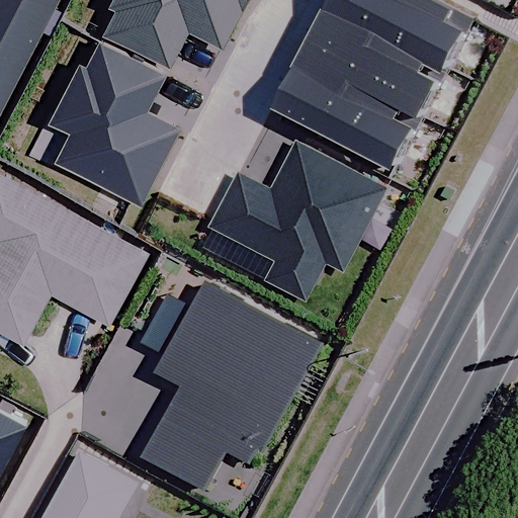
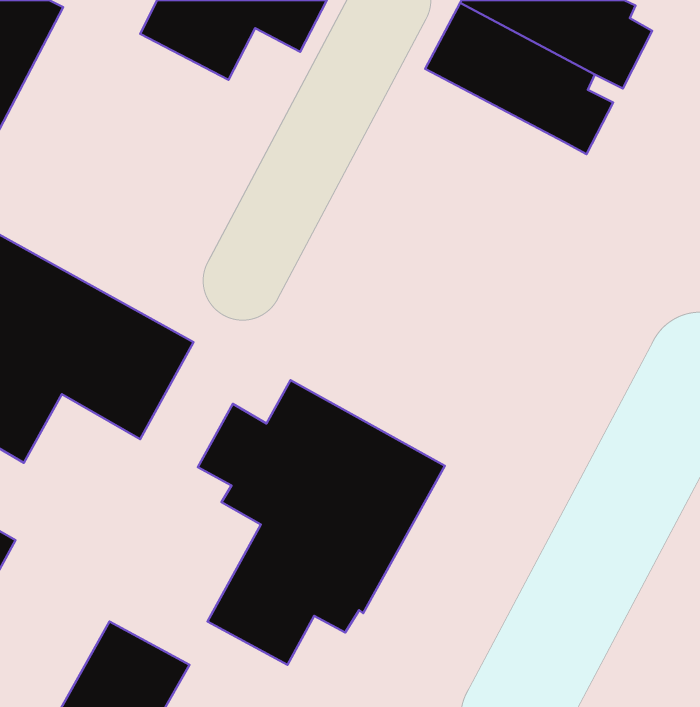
building: [48,39,175,201] -> none
building: [278,57,419,172] -> none
building: [211,144,383,301] -> none

